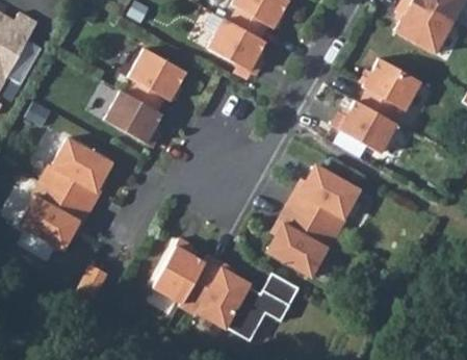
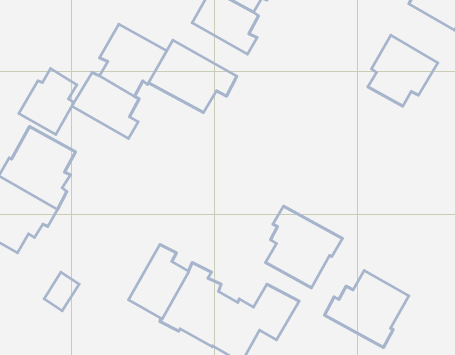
building: none -> [149,40,237,113]
building: none -> [19,69,77,134]
building: [332,101,396,154] -> none
building: [287,168,360,234] -> [324,270,409,348]

